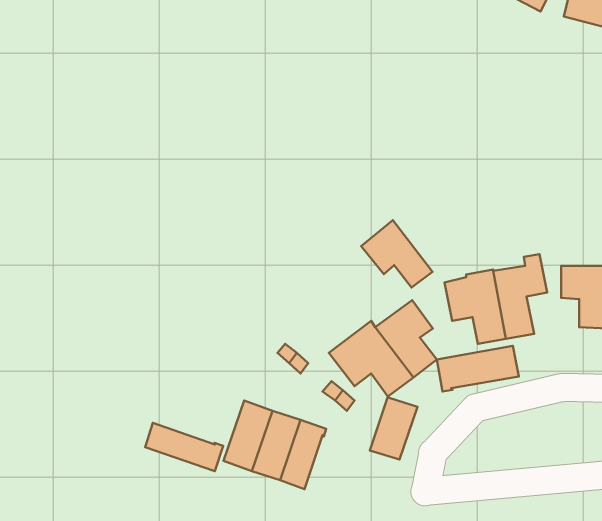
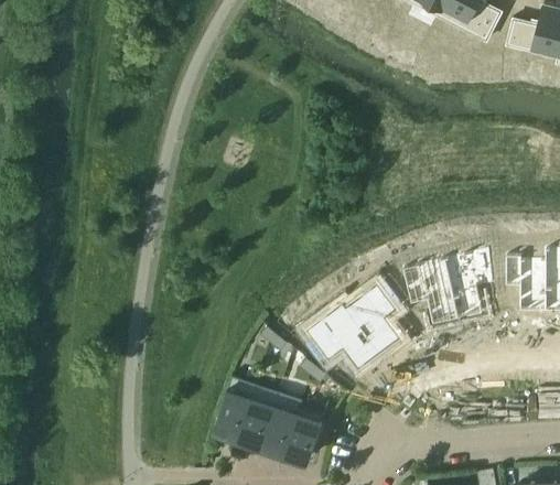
building: [361,220,432,287] -> none
building: [437,346,519,392] -> none
building: [370,397,417,459] -> [284,406,325,460]
building: [145,423,223,471] -> none

